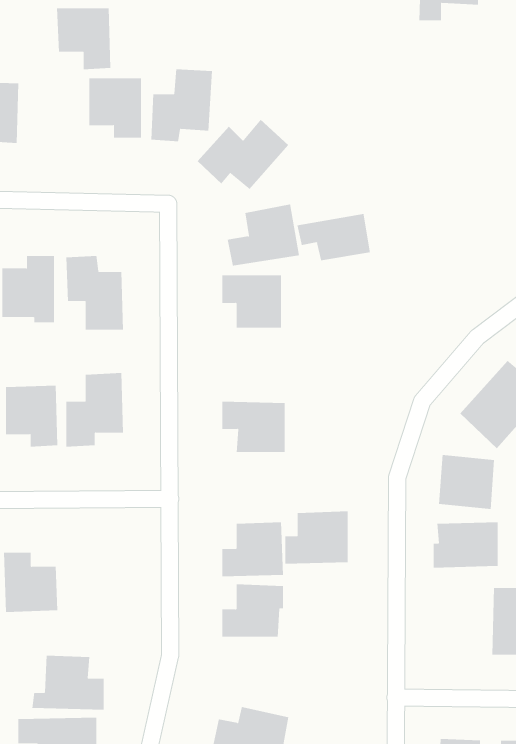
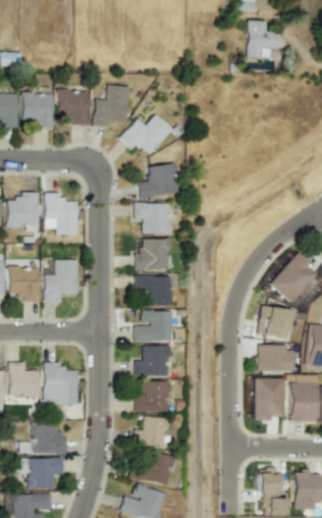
building: [56,8,111,70] -> [22,94,54,130]
building: [297,213,371,261] -> none
building: none -> [135,240,170,271]
building: [285,511,348,564] -> [135,311,171,342]
building: none -> [45,363,78,406]
building: none -> [255,378,284,421]
building: none -> [133,416,169,450]

